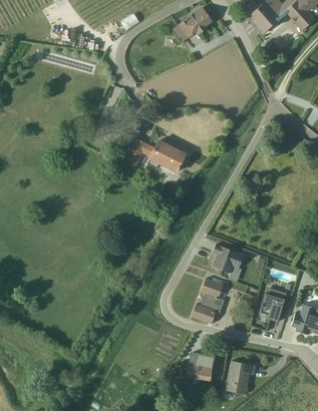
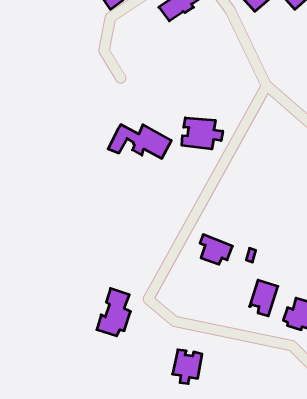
building: none -> [182,118,223,149]
building: [193,278,225,323] -> [97,288,131,336]
building: [226,360,256,393] -> none

